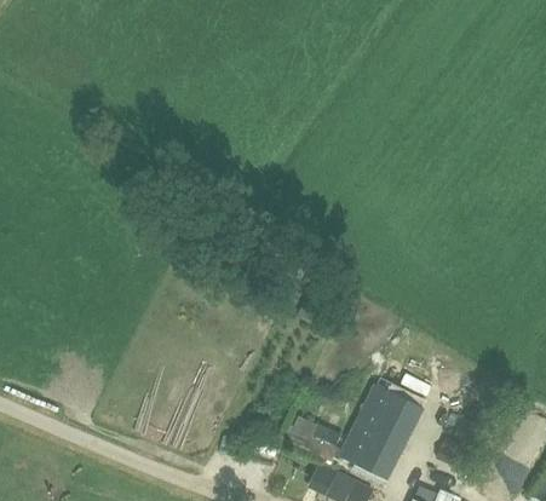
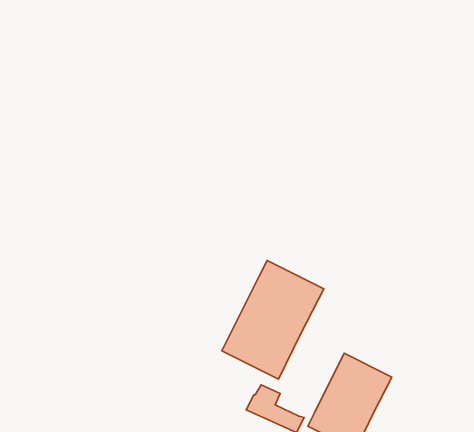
building: none -> [222,261,324,379]

